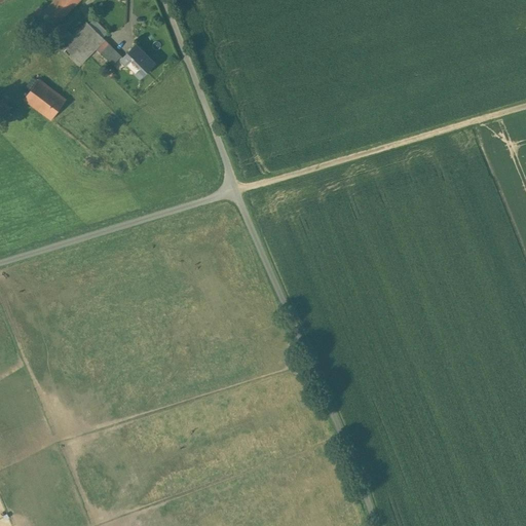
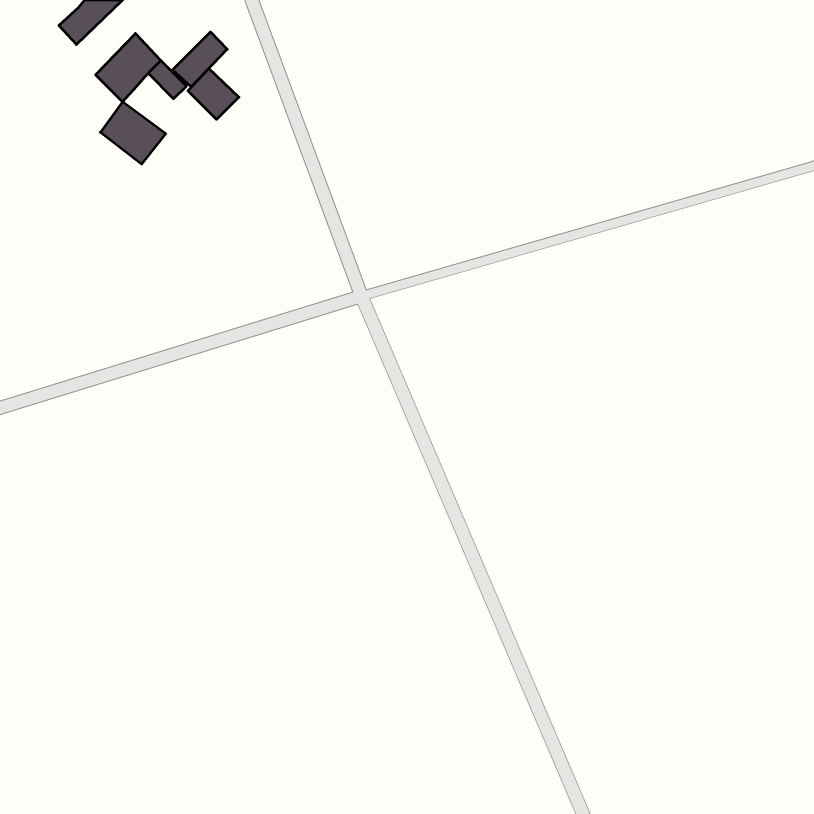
building: none -> [173,32,227,87]
building: [25,79,67,119] -> [100,102,166,164]

